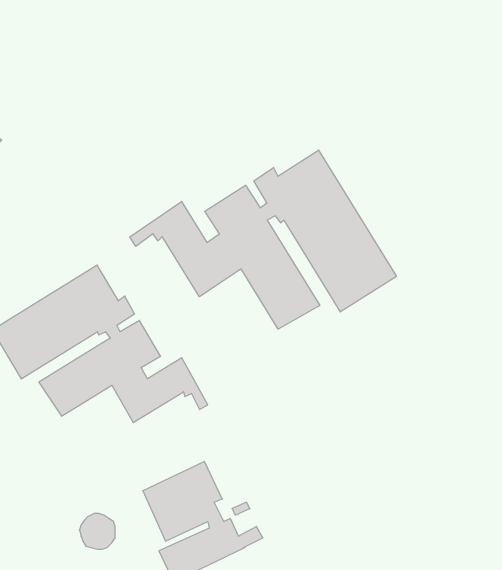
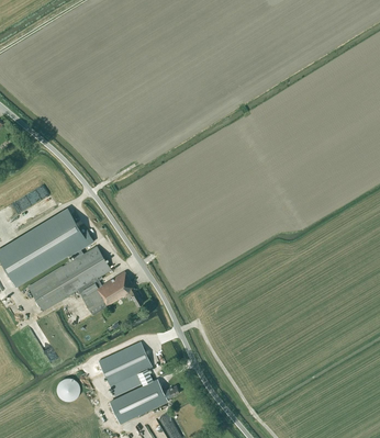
building: [130,150,396,329] -> none

